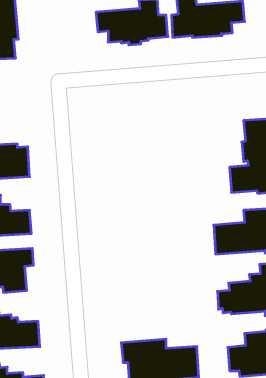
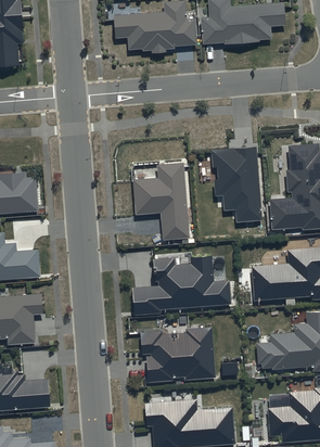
building: none -> [210,145,260,220]
building: none -> [132,162,189,239]
building: none -> [131,255,230,314]
building: none -> [140,327,215,382]

